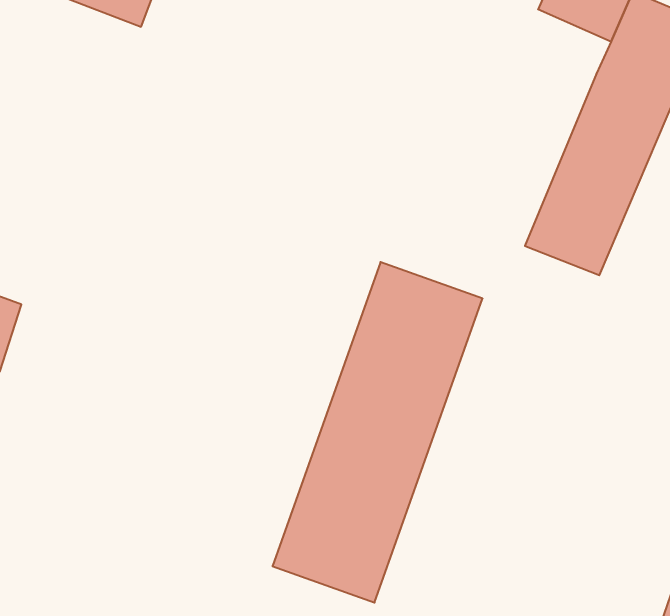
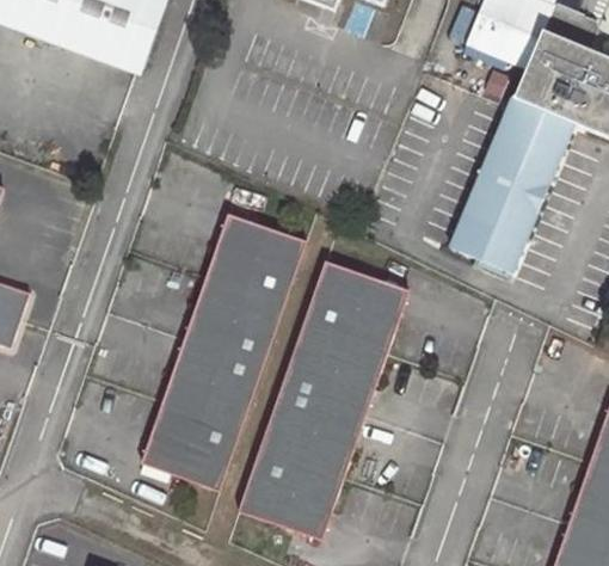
building: none -> [143,213,309,488]

